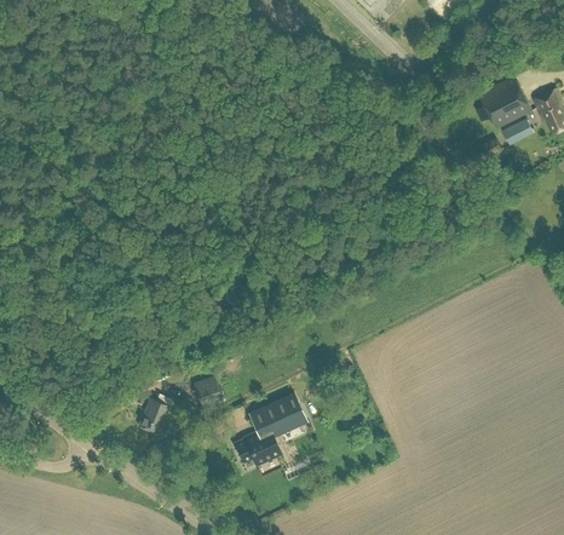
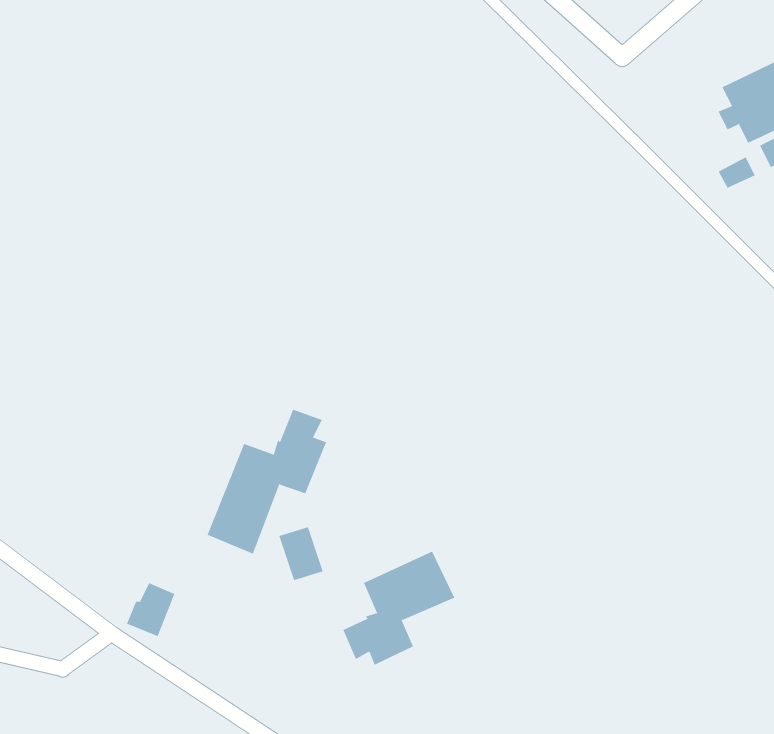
building: none -> [207,409,327,555]
building: [138,397,169,432] -> [126,583,175,637]

